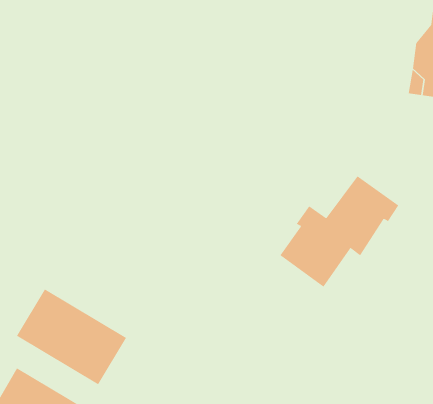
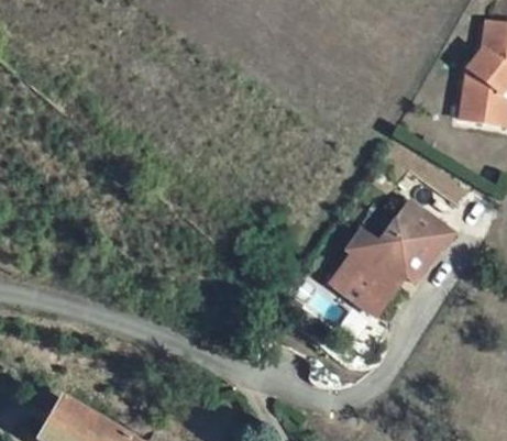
building: [16,289,127,385] -> none

